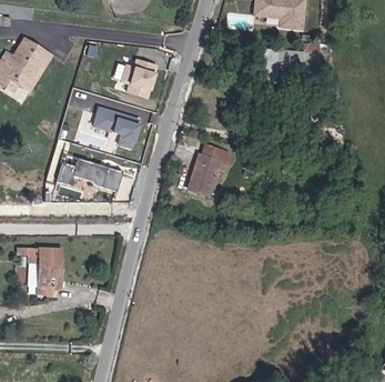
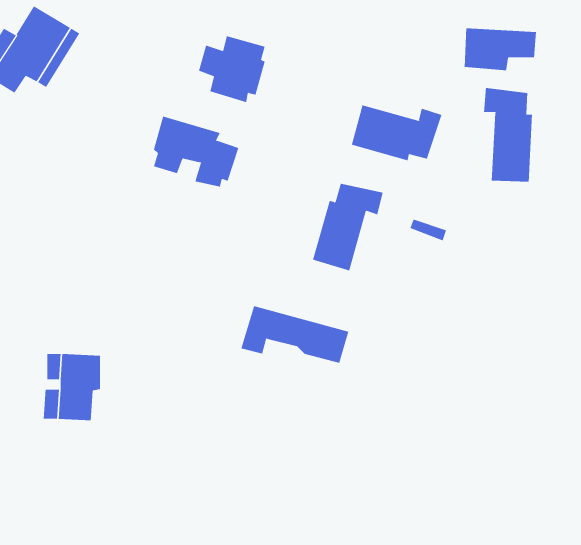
building: none -> [483,87,533,182]
building: none -> [351,104,442,161]
building: [59,155,123,190] -> [241,305,349,363]

